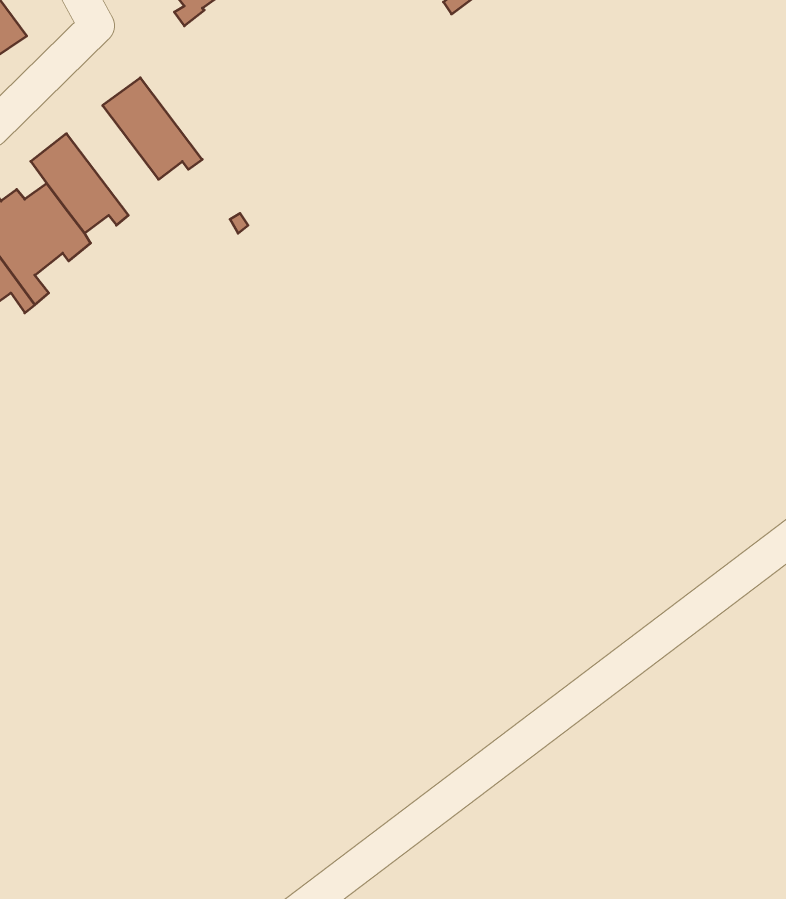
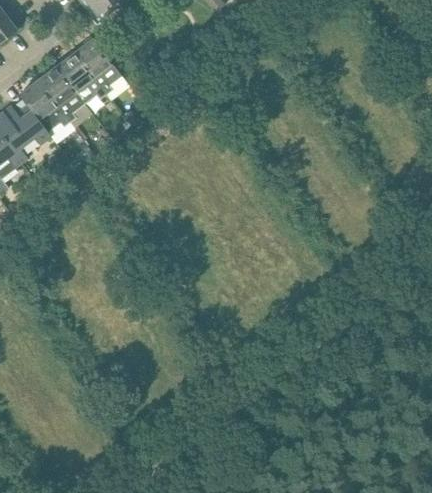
building: none -> [74,36,120,91]
building: none -> [37,64,83,119]

